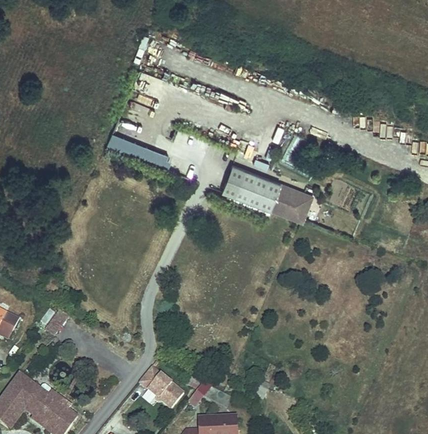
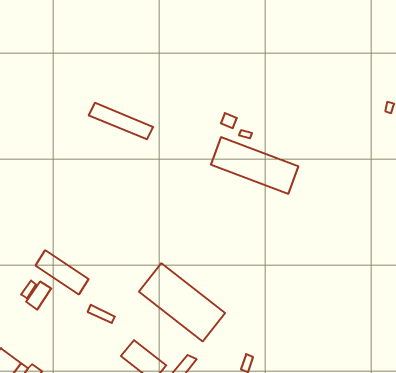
building: none -> [36,250,88,294]
building: none -> [139,263,225,341]

